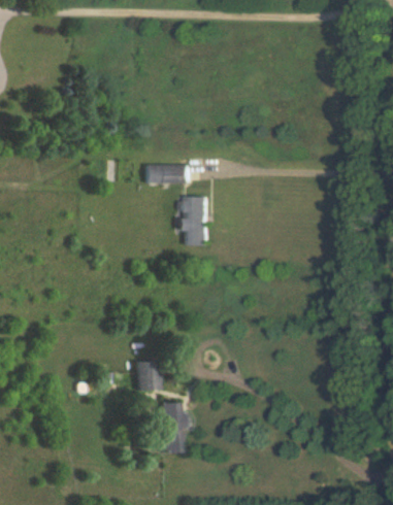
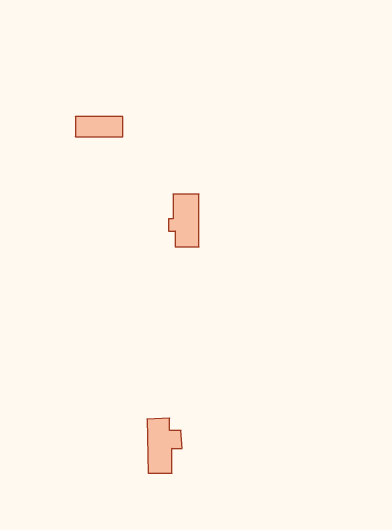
building: [146,165,190,183] -> [75,117,123,137]
building: [138,362,161,390] -> none

